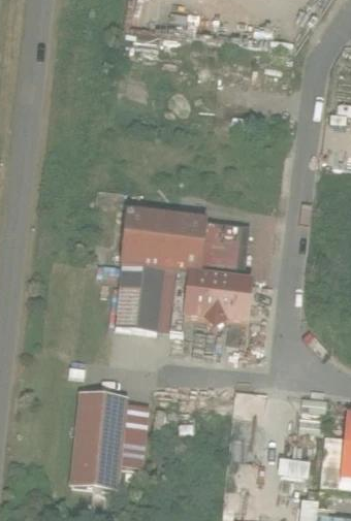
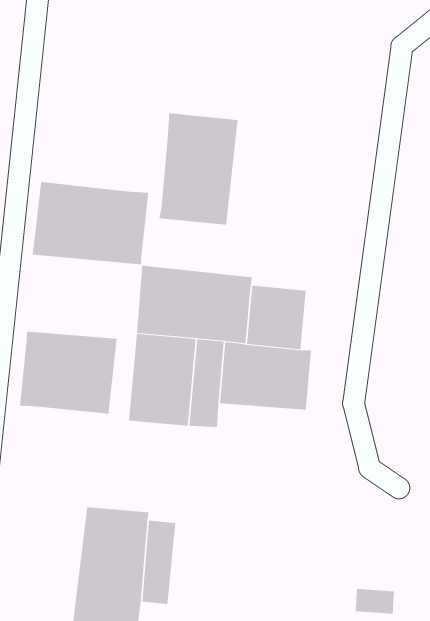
building: none -> [159,113,238,226]
building: none -> [32,181,149,265]
building: none -> [20,331,117,415]

